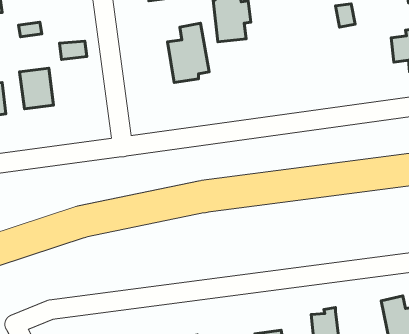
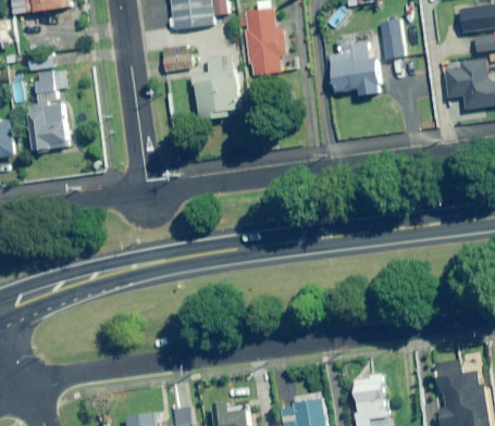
building: none -> [330,34,380,96]
building: none -> [162,46,191,72]
building: [60,41,87,60] -> [35,71,65,91]

